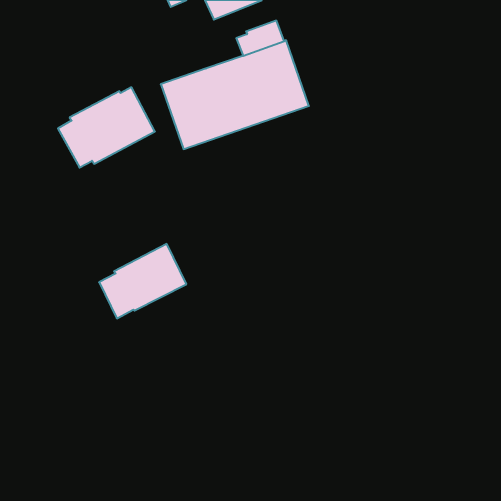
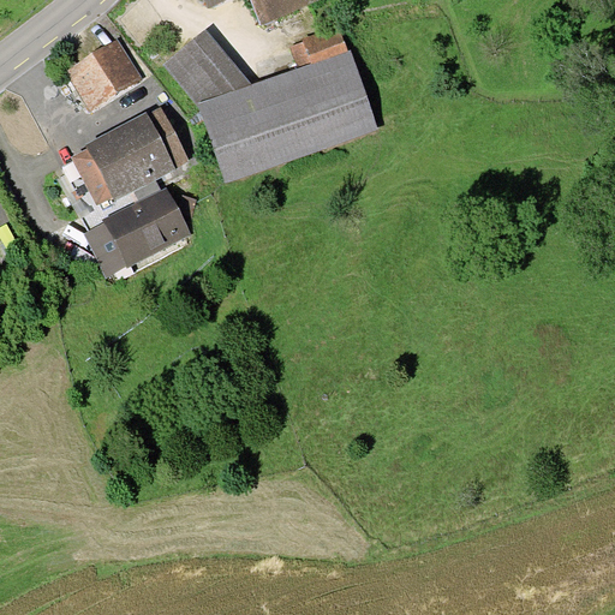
building: none -> [163,29,252,103]
building: none -> [65,38,143,112]
building: [99,244,186,318] -> [84,186,191,277]

